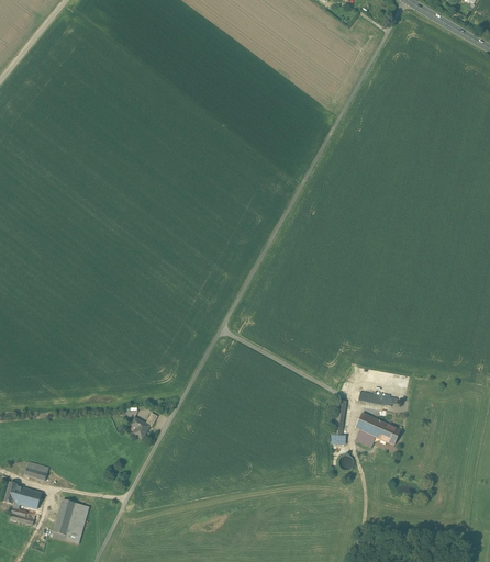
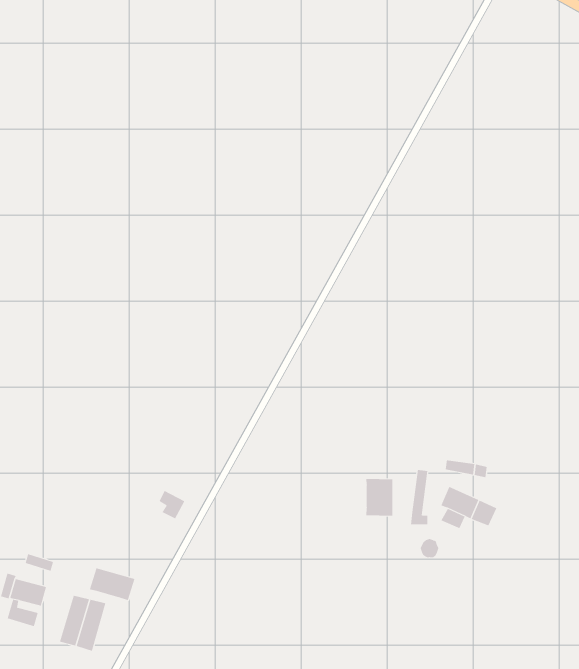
building: none -> [366,478,393,516]
building: none -> [89,568,135,601]

